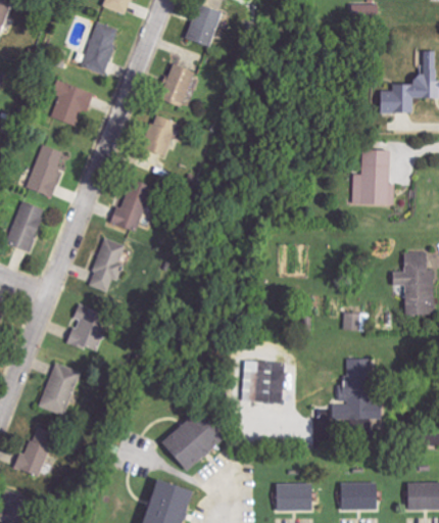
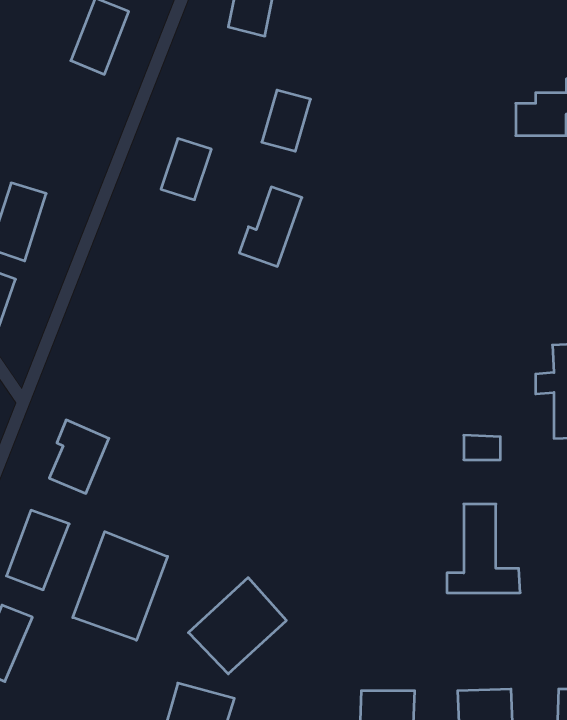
building: [159,64,192,105] -> [262,90,311,151]
building: [52,80,93,125] -> none
building: [353,149,395,204] -> none
building: [109,179,151,232] -> [239,187,302,266]
building: [88,237,126,291] -> none
building: [243,361,285,402] -> none
building: none -> [73,532,168,640]

